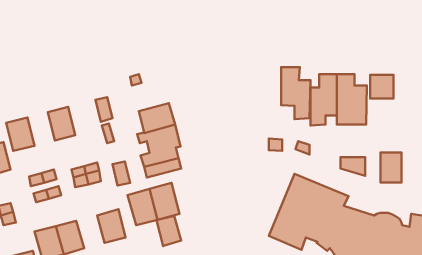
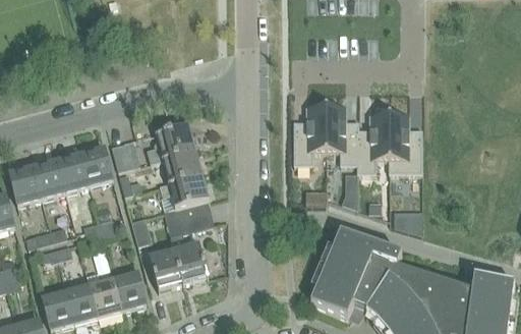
building: none -> [293,108,326,168]
building: [370,75,394,99] -> none
building: none -> [147,124,196,163]
building: none -> [80,148,113,186]
building: none -> [34,160,68,210]
building: [380,152,401,183] -> none
building: none -> [90,279,122,317]
building: [156,216,181,246] -> none

